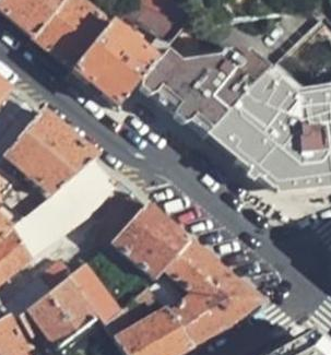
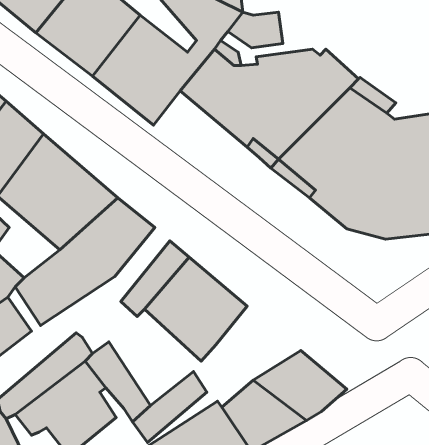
building: [166,238,228,293] -> none

